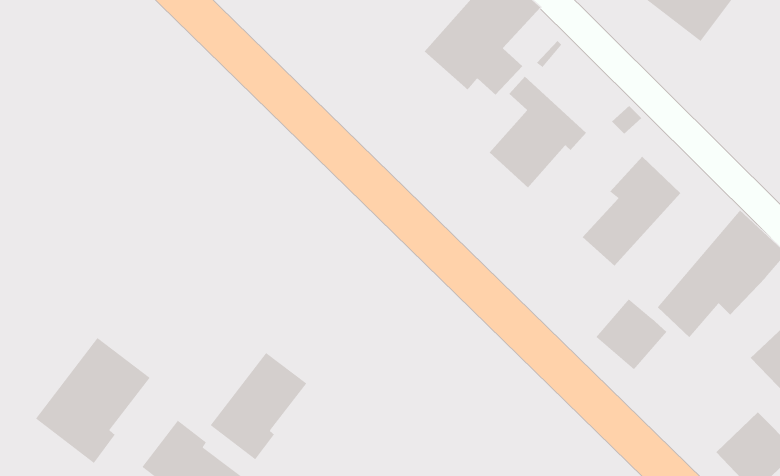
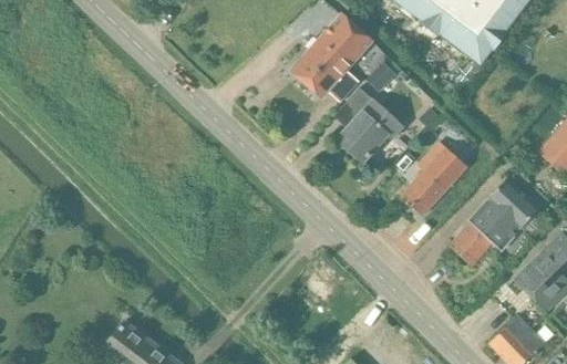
building: [595,299,667,370] -> none
building: [35,337,150,464] -> none
building: [210,352,307,460] -> none

